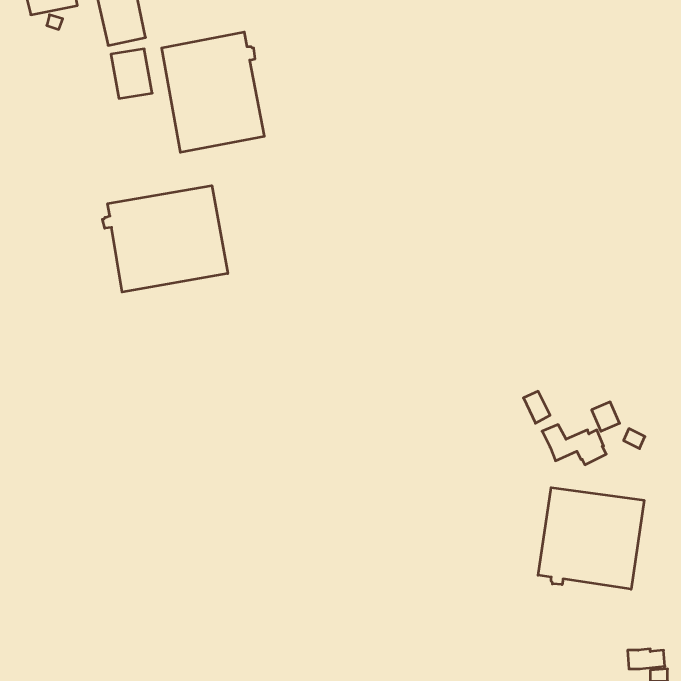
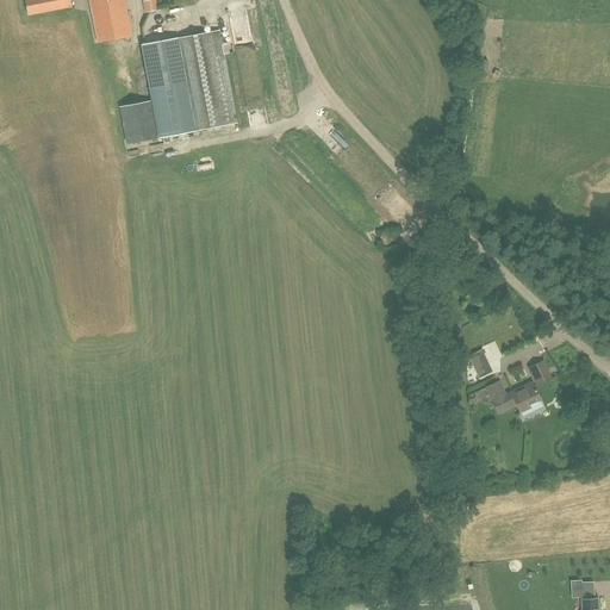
building: [111,49,152,98] -> [120,99,157,143]
building: [102,186,228,292] -> none
building: [538,488,644,589] -> none

